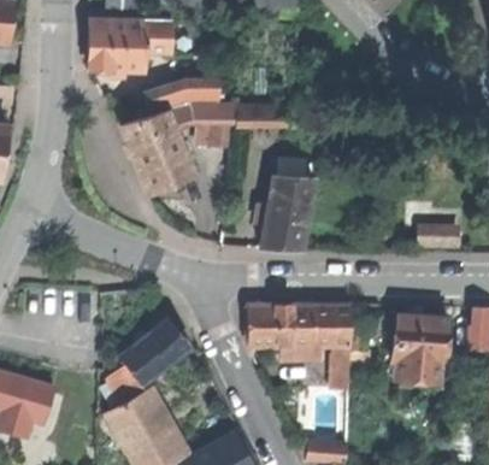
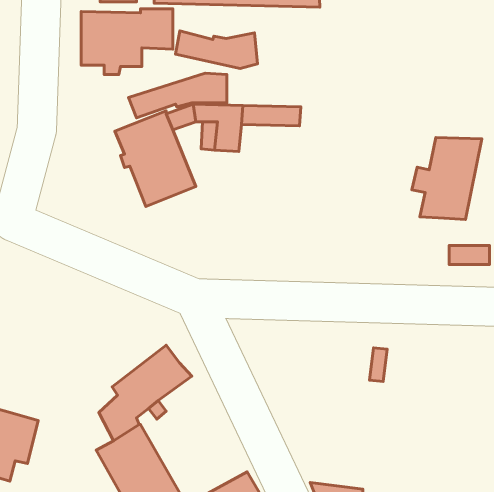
building: none -> [175,31,257,69]
building: [252,176,314,249] -> [412,137,482,220]
building: [246,304,350,389] -> none
building: [393,313,448,383] -> none

